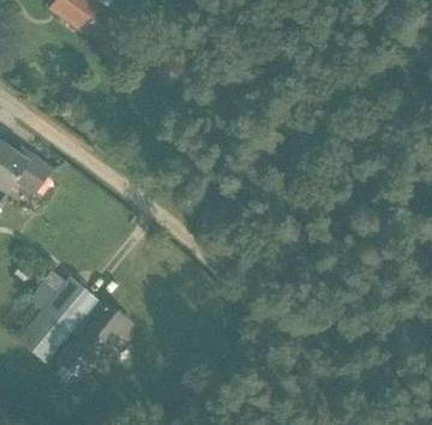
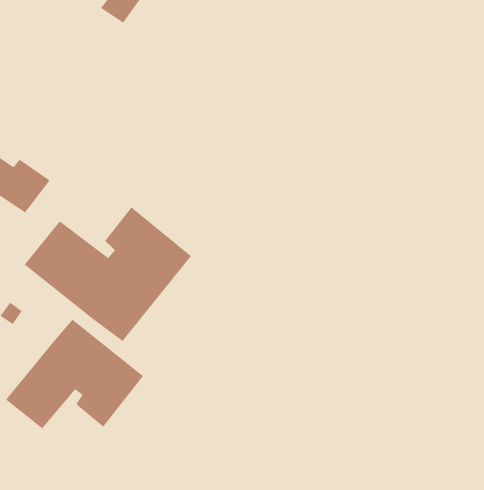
building: none -> [24,206,192,342]

